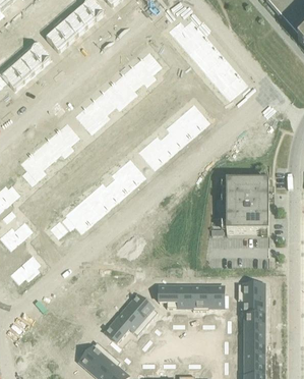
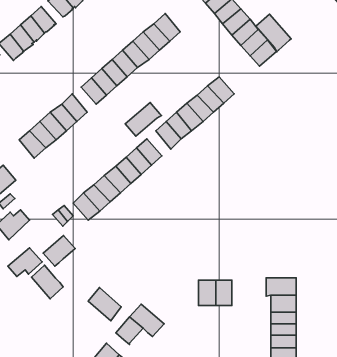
building: none -> [256,14,291,52]
building: none -> [125,103,161,136]
building: [226,180,268,231] -> none
building: none -> [43,236,75,266]
building: none -> [31,265,63,299]
building: [159,285,178,308] -> none
building: [207,285,224,308] -> none
building: [127,294,157,324] -> [88,287,121,321]

